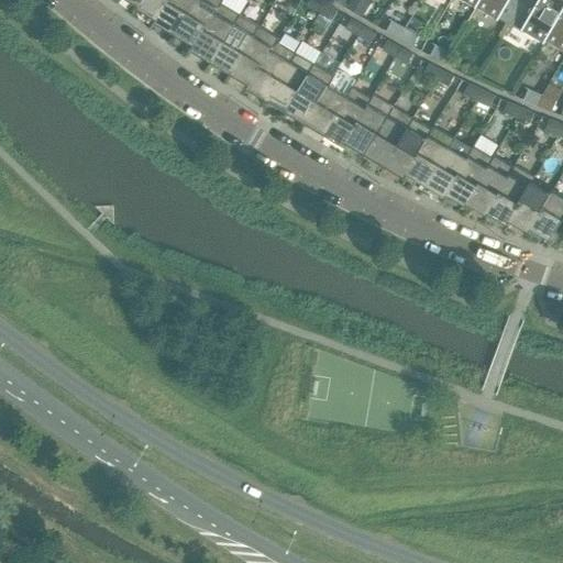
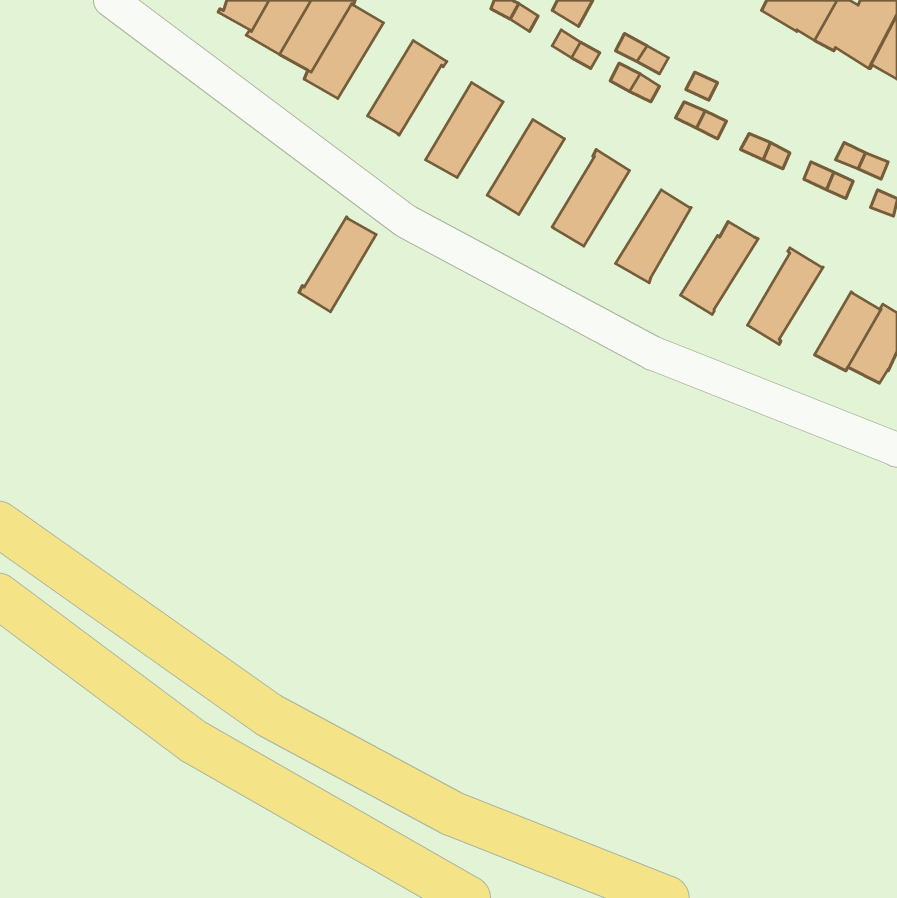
building: [211,14,258,73] -> none
building: [246,41,295,100] -> [299,217,376,312]
building: [286,64,333,122] -> none
building: [324,87,372,146] -> none
building: [365,107,413,165] -> none
building: [407,125,455,185] -> none
building: [446,146,494,206] -> none
building: [487,165,537,224] -> none

